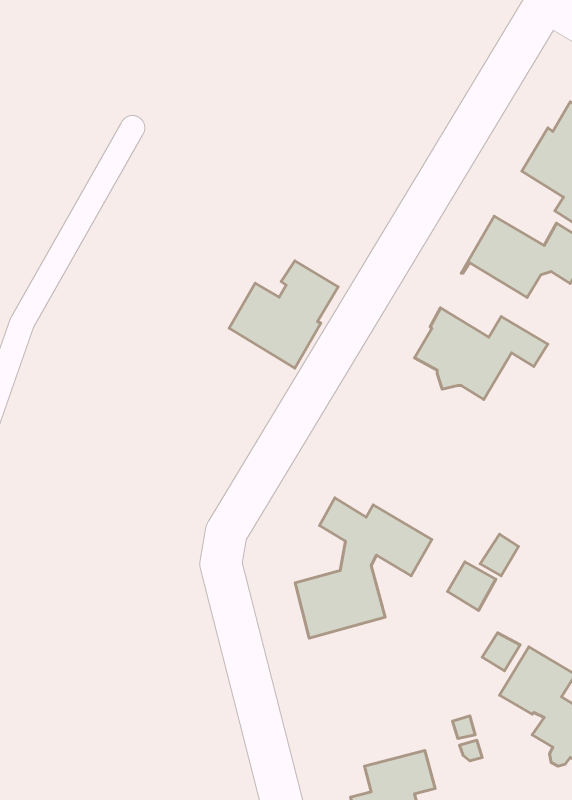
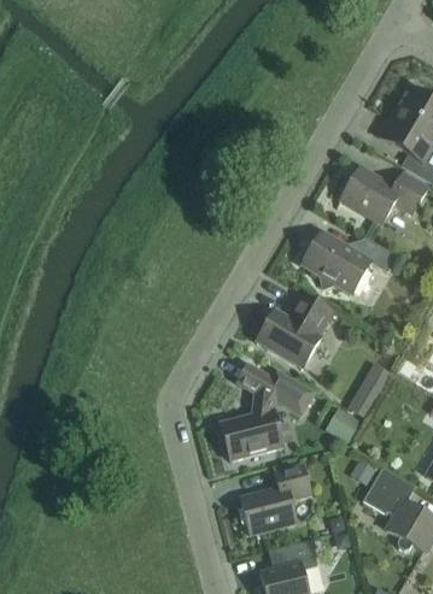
building: [229,261,338,368] -> [256,293,332,367]
building: none -> [240,464,310,541]

